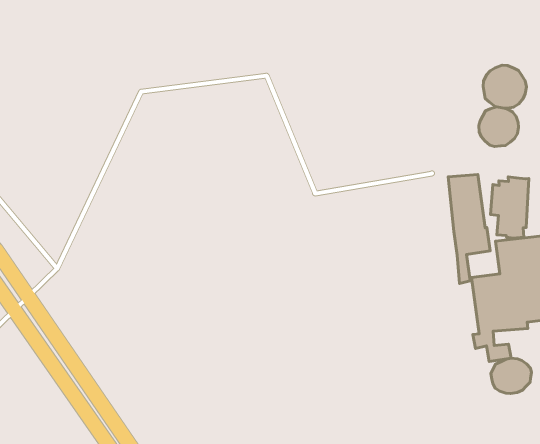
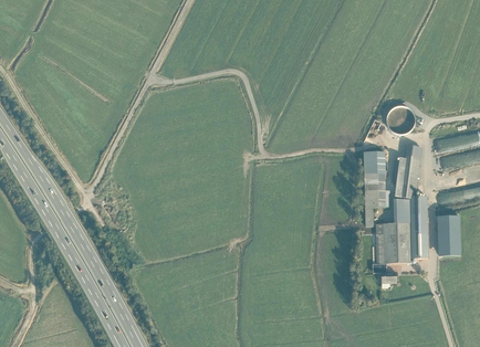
building: [483,65,526,108] -> none
building: [491,358,531,393] -> none

